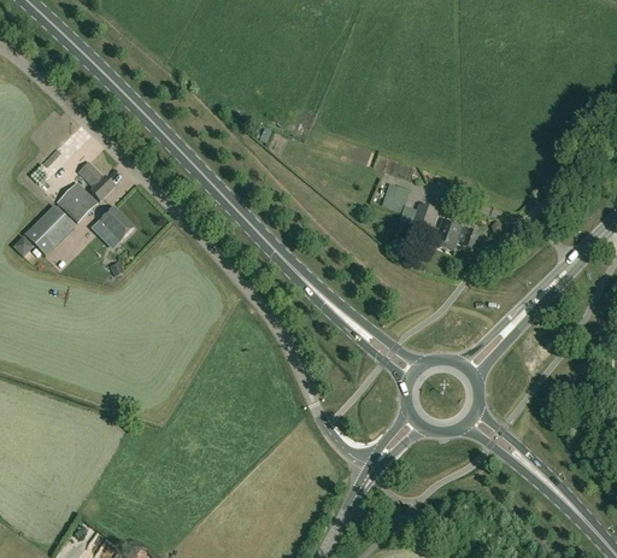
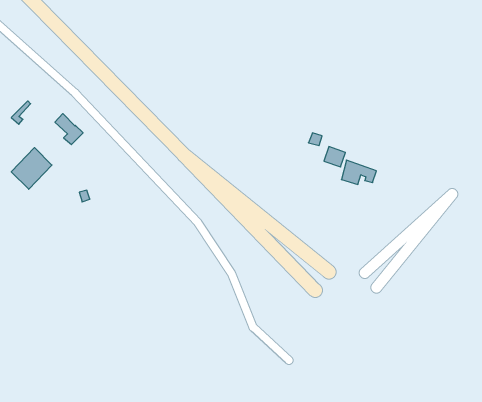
building: [55,183,96,224] -> none
building: [98,207,133,242] -> none

